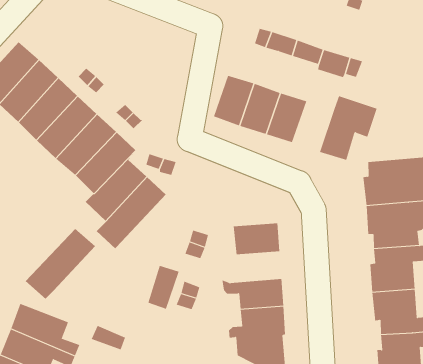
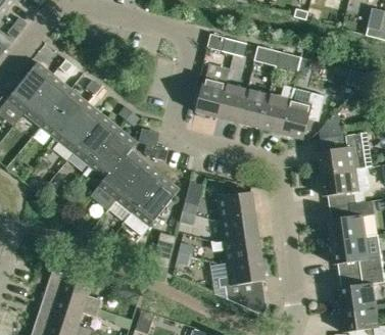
building: none -> [259,86,293,134]
building: [25,228,96,300] -> [126,176,180,234]
building: none -> [221,214,258,241]

